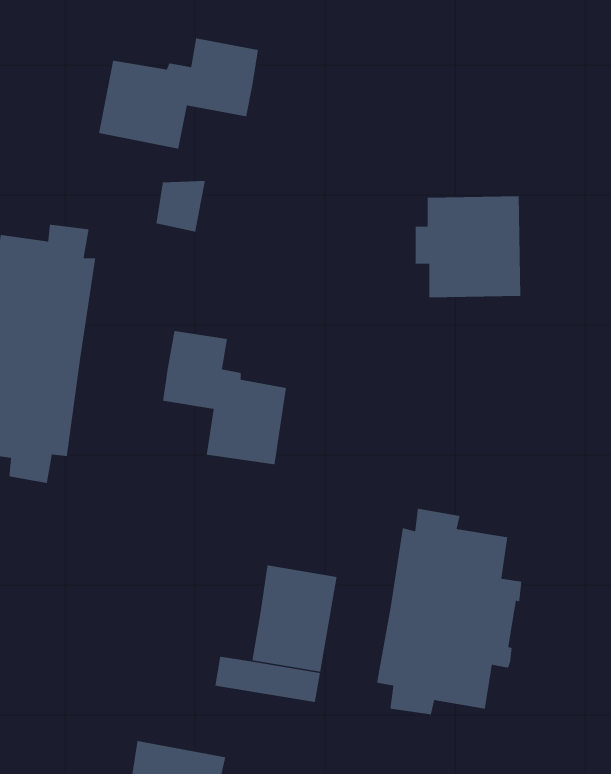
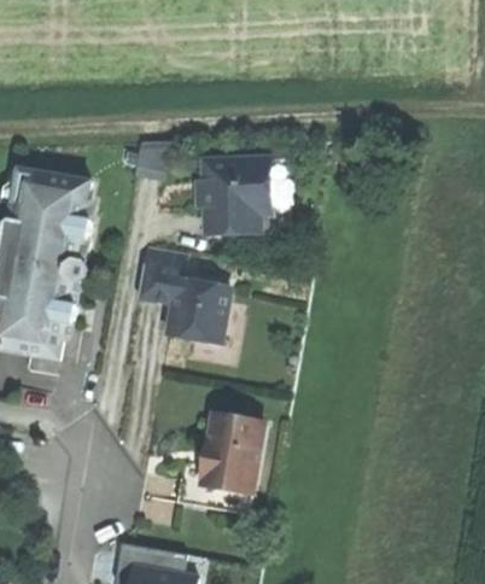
building: [98,37,259,149] -> none
building: [415,195,521,298] -> [193,158,269,232]
building: [376,508,522,715] -> none

